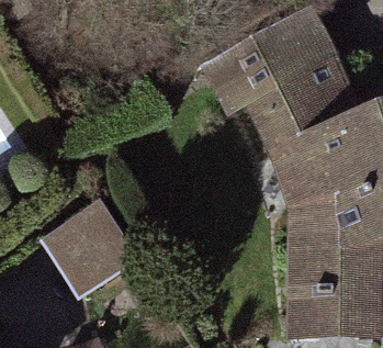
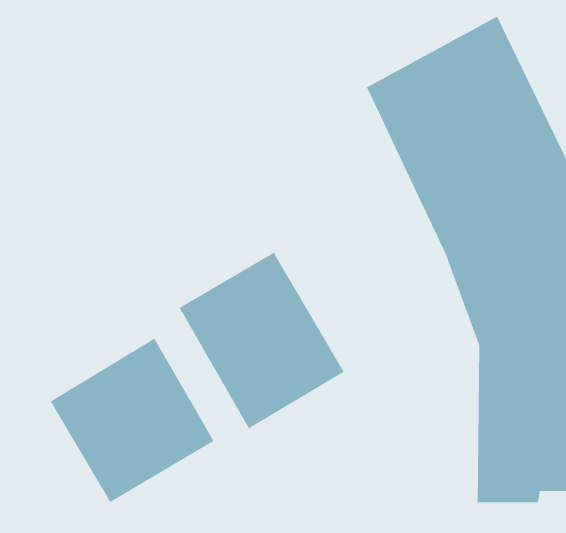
building: none -> [179,252,345,429]

